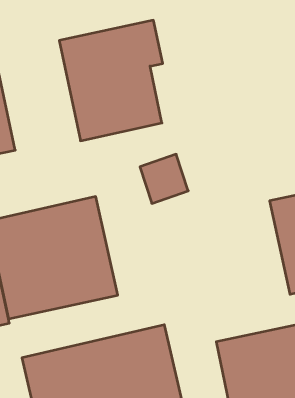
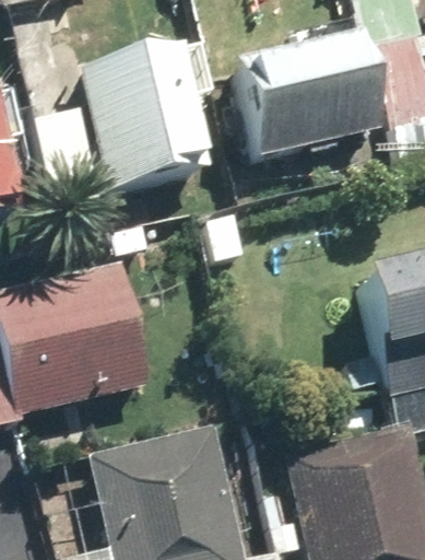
building: none -> [223,35,378,164]

